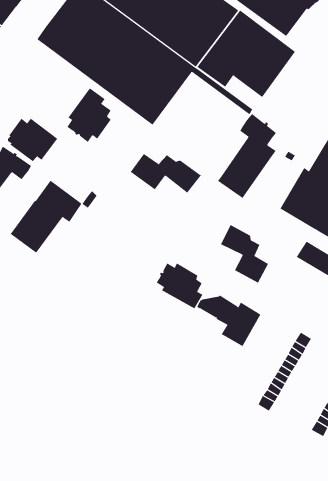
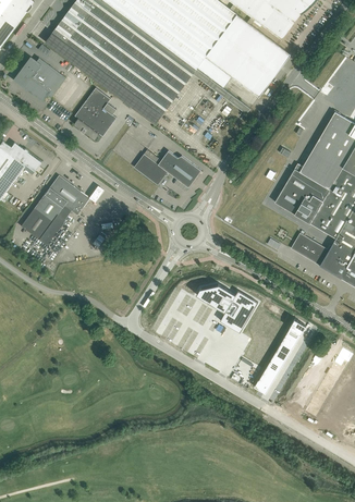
building: [217,113,278,199] -> none
building: [7,118,58,162] -> [17,58,65,99]
building: [220,223,269,284] -> none
building: [156,262,203,309] -> none

